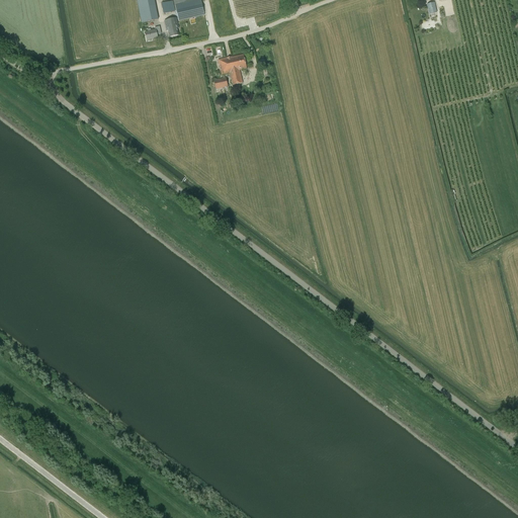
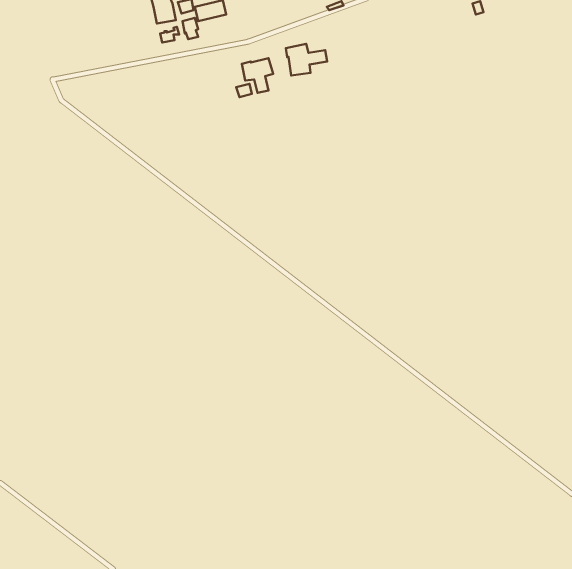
building: none -> [286,44,327,75]

